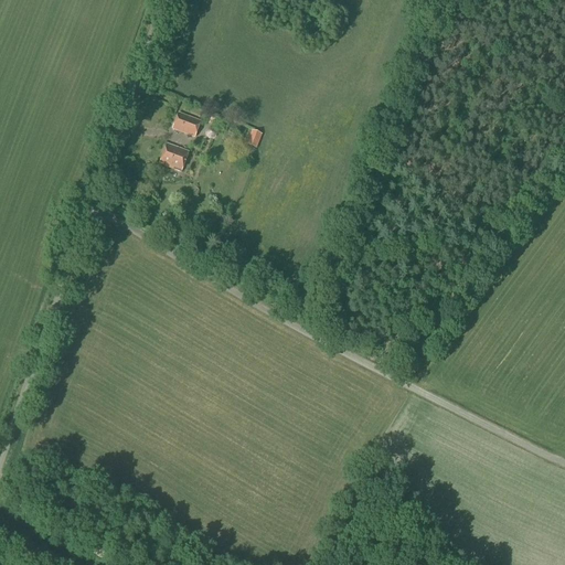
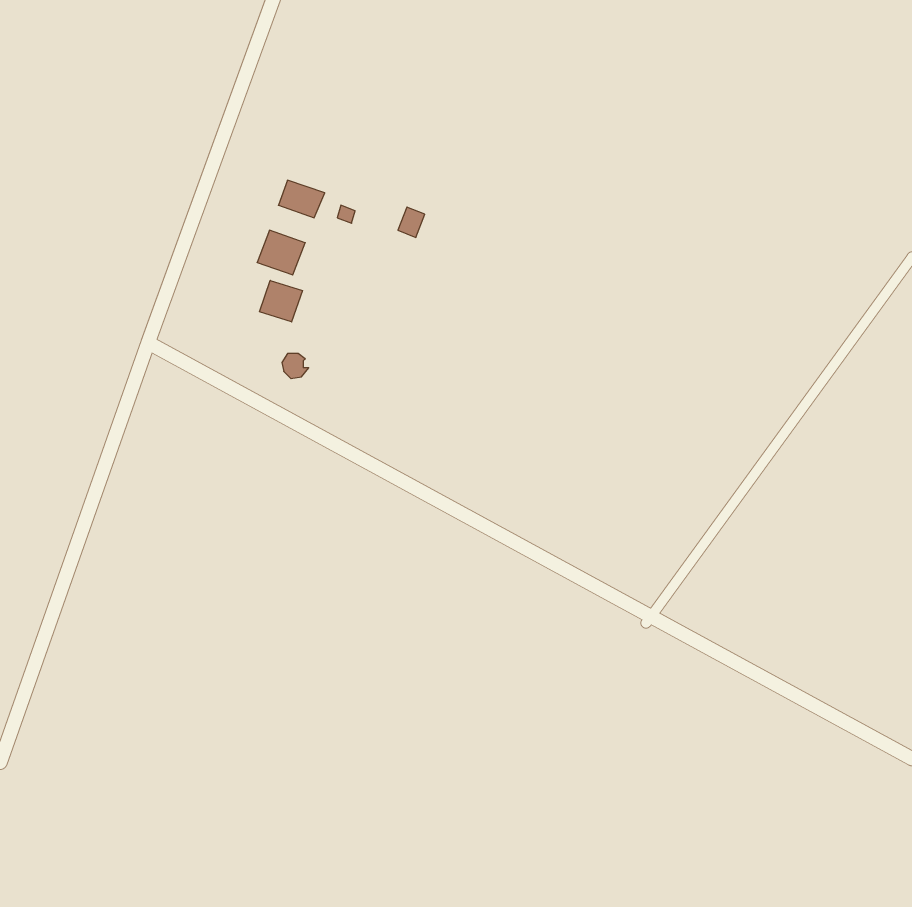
building: none -> [259,280,303,322]

